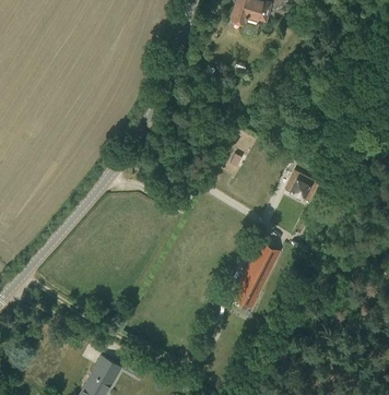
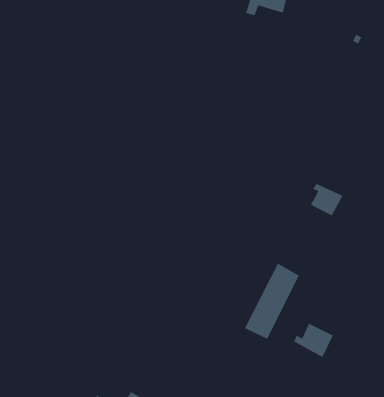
building: none -> [293,322,334,358]

